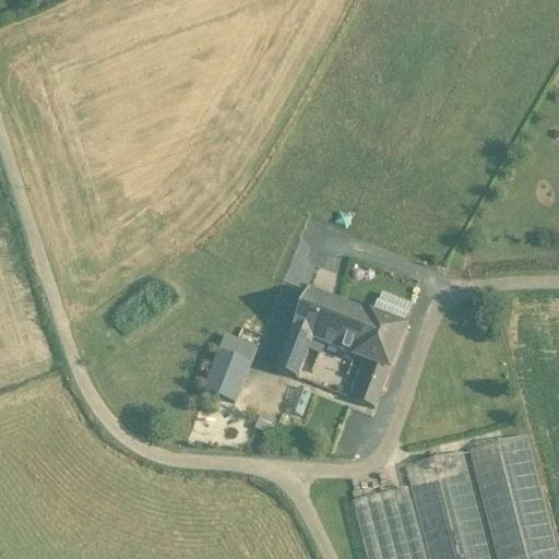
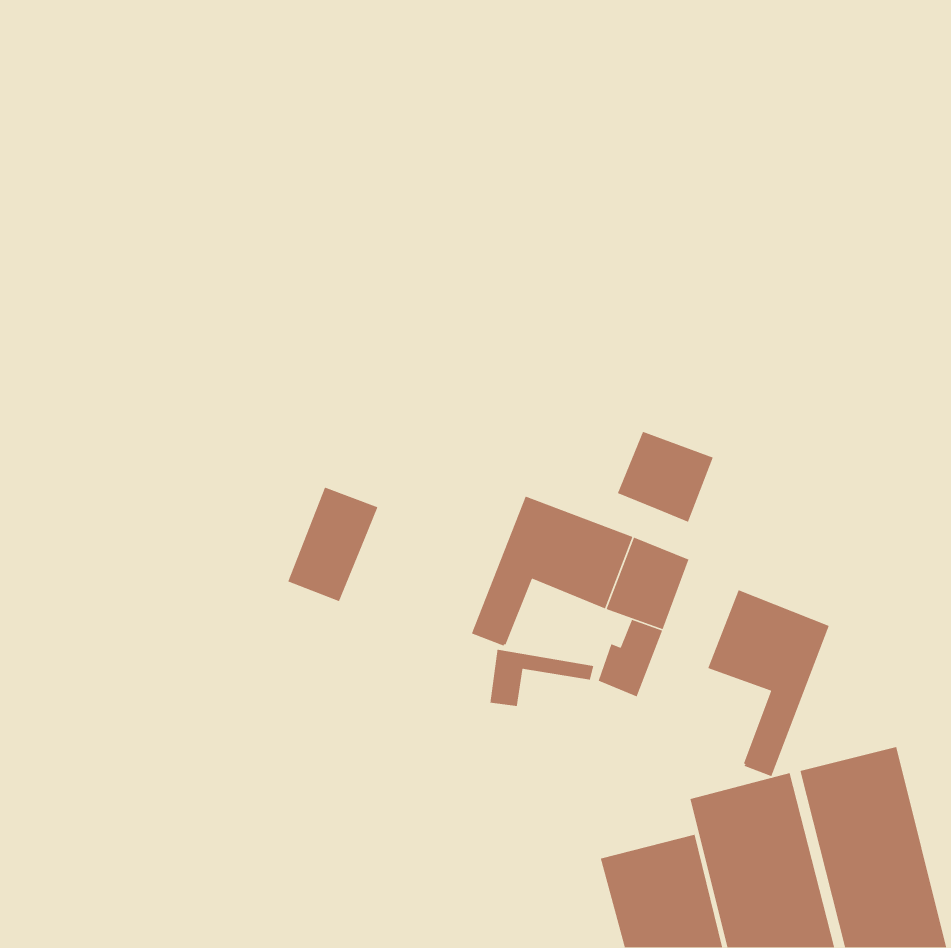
building: none -> [617,431,714,523]
building: [202,334,255,402] -> [287,486,379,602]
building: none -> [707,589,830,777]

